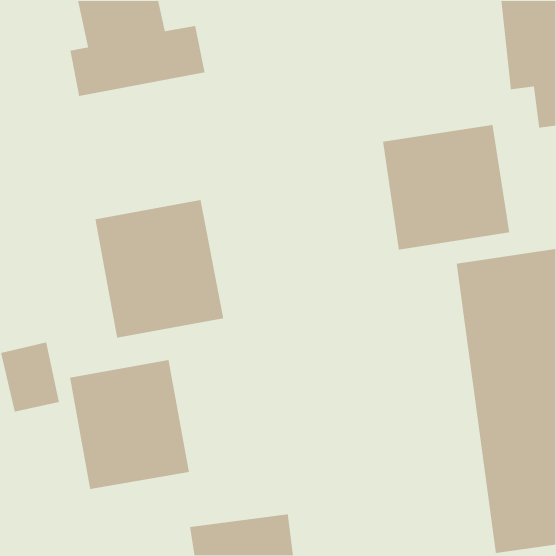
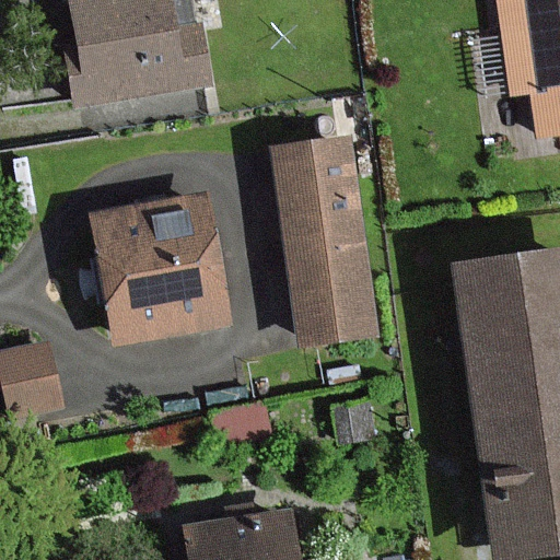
building: [382,124,510,250] -> none
building: none -> [272,142,373,341]
building: [69,359,190,490] -> none

